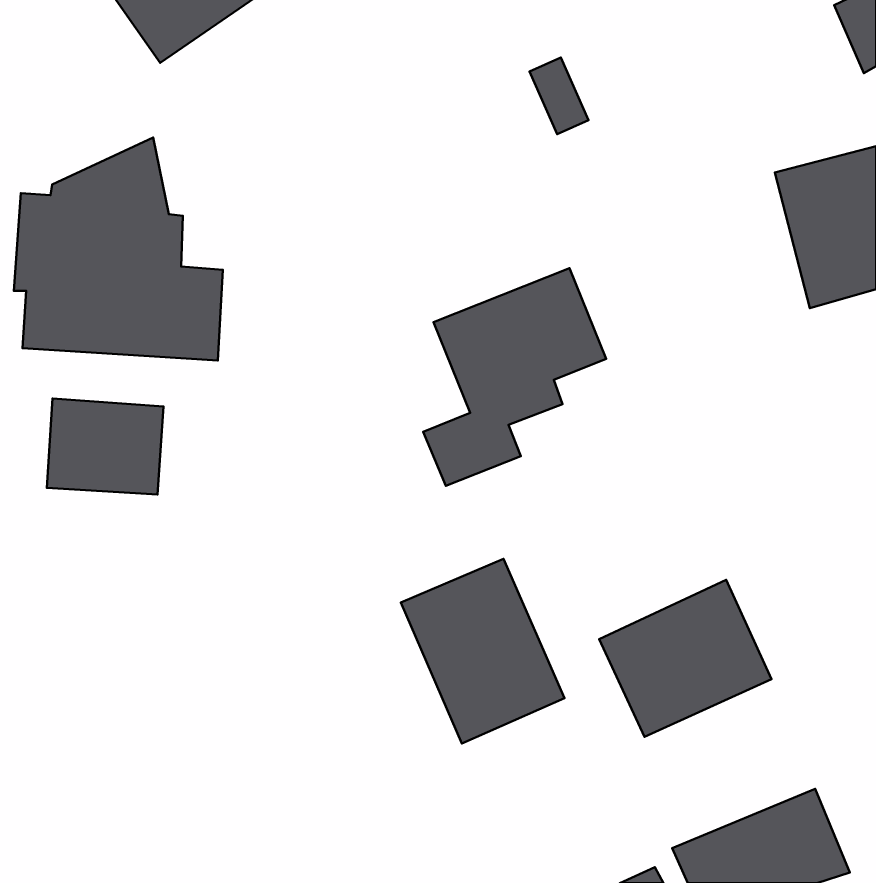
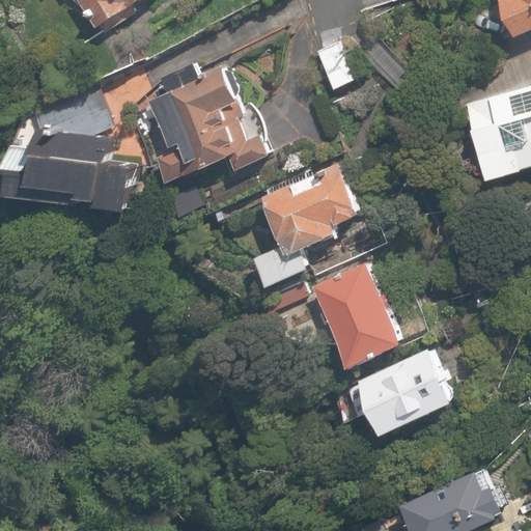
building: none -> [131,62,269,190]
building: [47,399,164,494] -> none
building: [401,559,565,744] -> [307,261,404,371]

